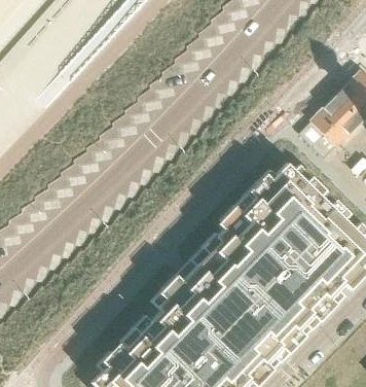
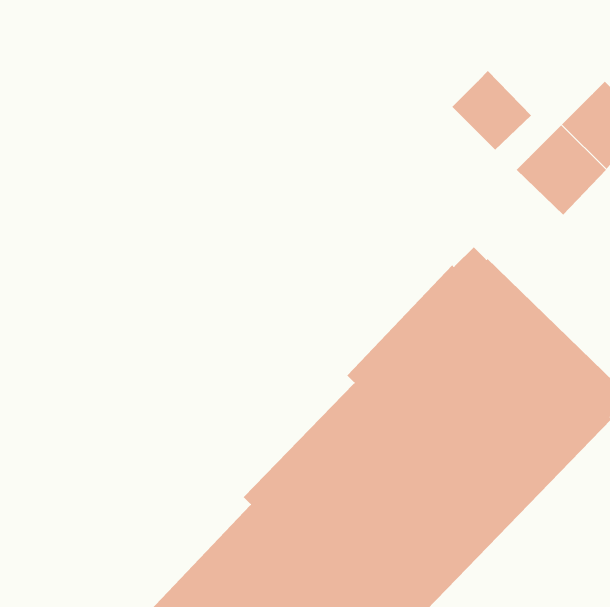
building: none -> [451,70,532,150]

